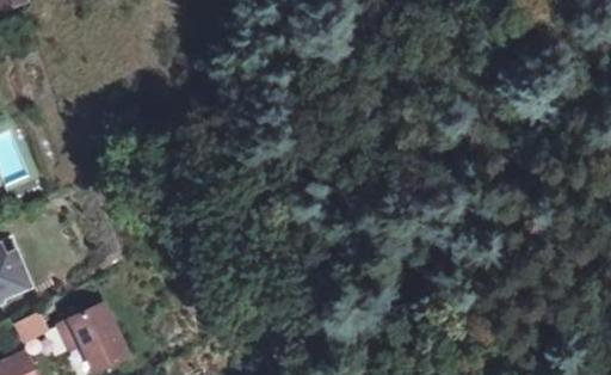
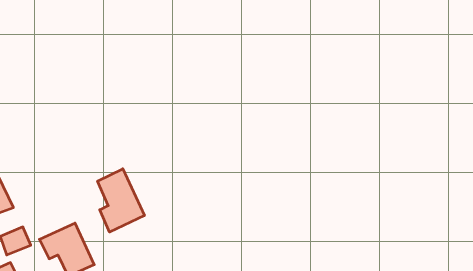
building: none -> [98,169,144,232]

